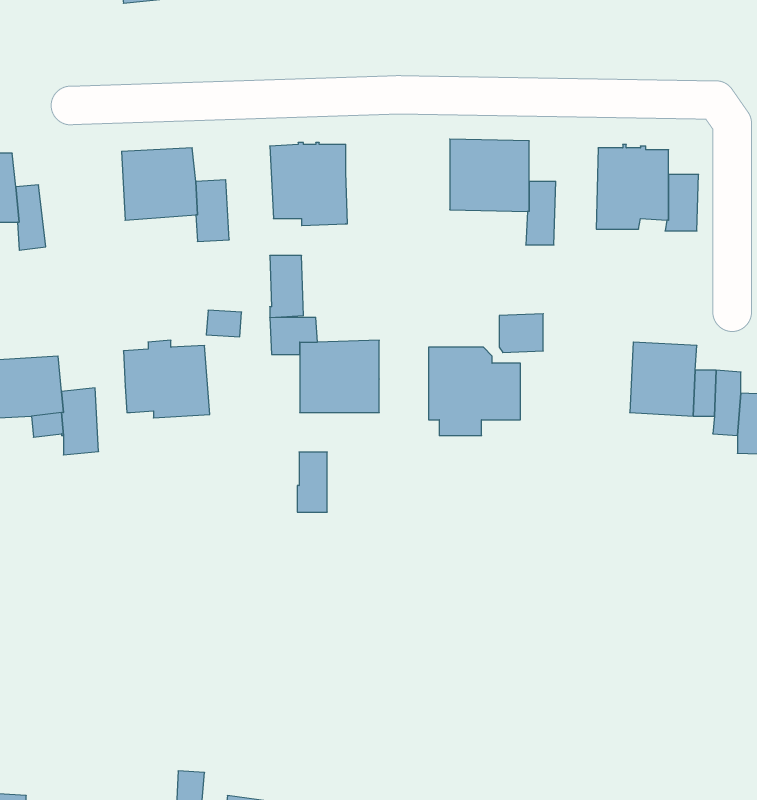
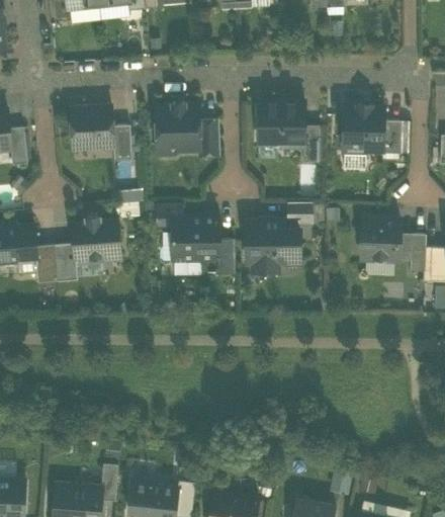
building: [270,256,303,317] -> [198,122,217,158]
building: none -> [55,245,76,283]
building: [297,452,327,512] -> [216,241,234,275]

